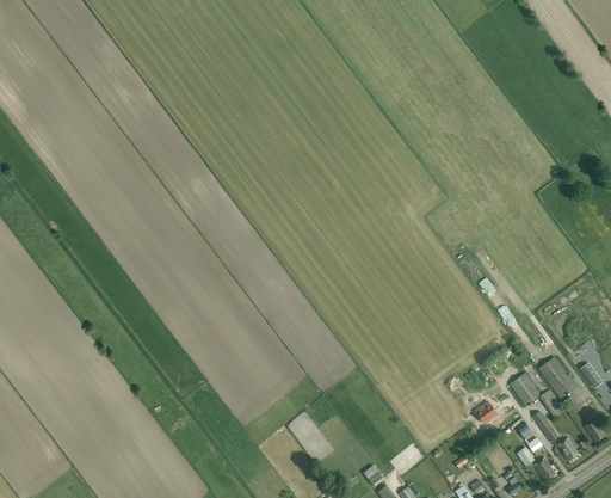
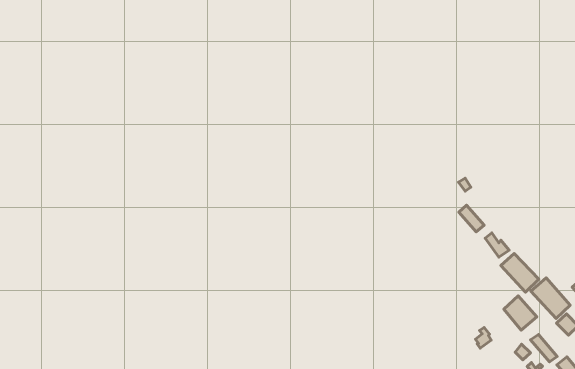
building: none -> [501,254,539,292]

